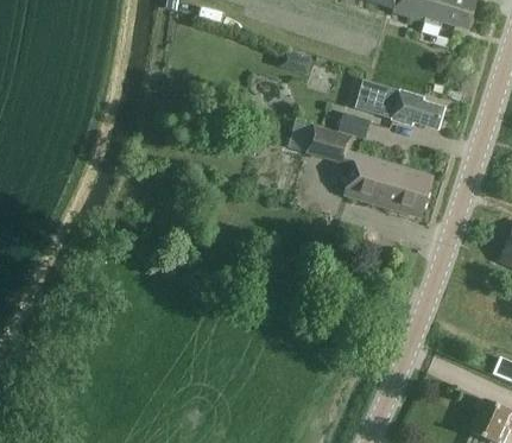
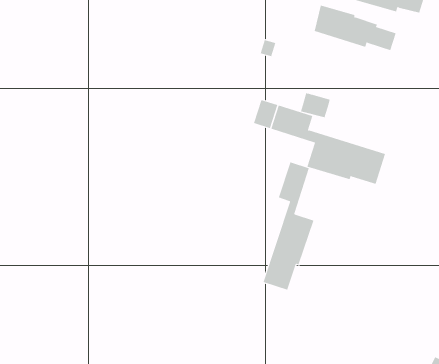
building: [355,78,445,128] -> [314,5,396,51]
building: none -> [263,162,314,290]

